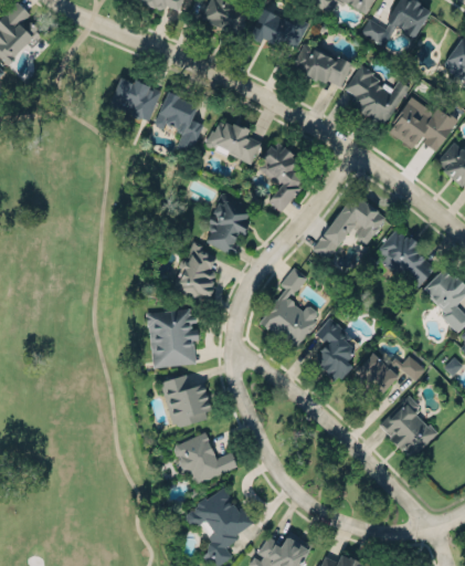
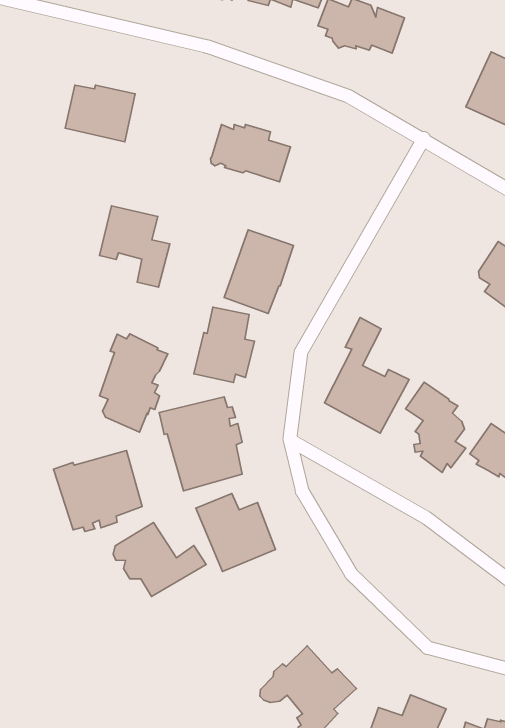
building: [346,63,410,124] -> none
building: [155,92,204,153] -> [100,206,170,287]
building: [257,142,308,211] -> none
building: [314,193,387,260] -> none
building: none -> [99,334,168,432]
building: none -> [54,451,142,531]
building: [175,432,237,483] -> [113,523,206,597]

